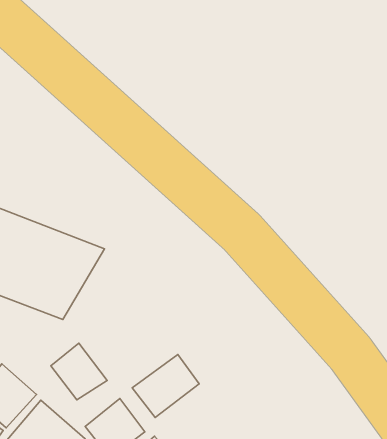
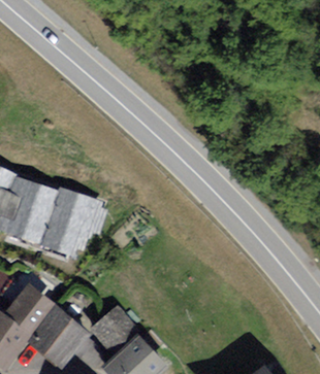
building: [51,343,107,400] -> none
building: [132,355,199,417] -> none

